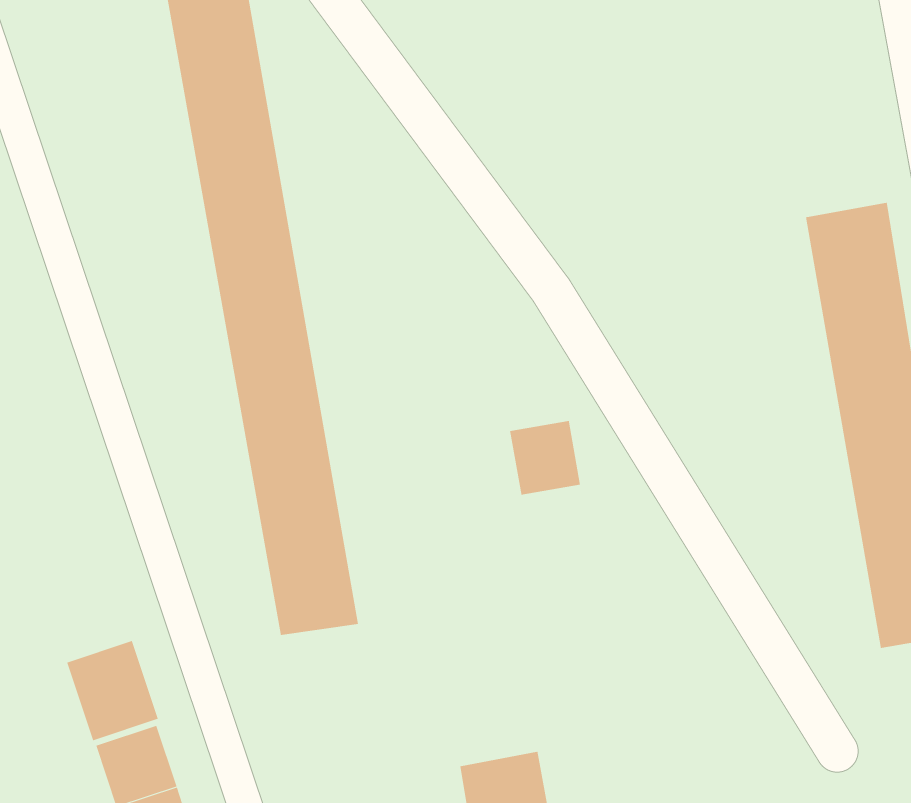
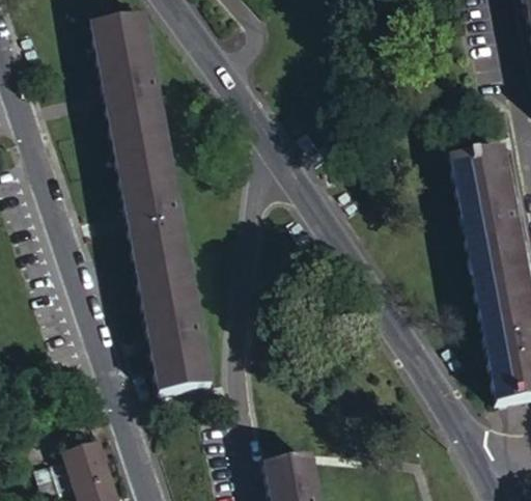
building: [510,420,581,495] -> none
building: [66,640,159,741] -> none

